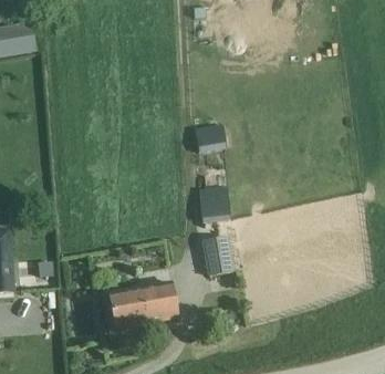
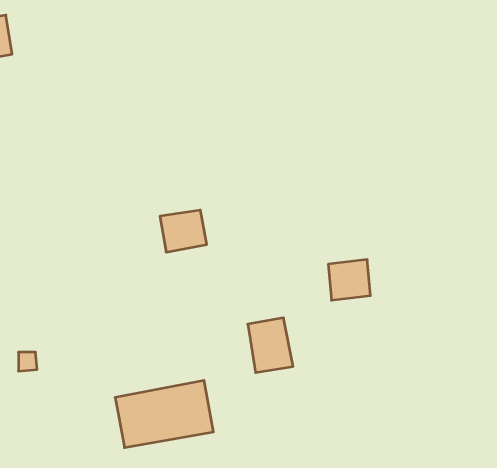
building: [195,122,228,152] -> [160,210,207,252]
building: [200,193,230,221] -> [328,260,370,300]

